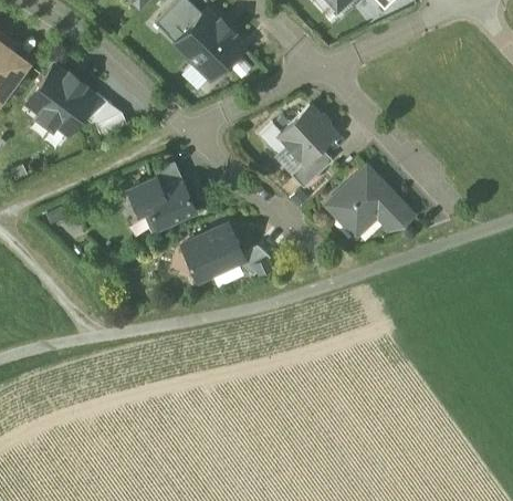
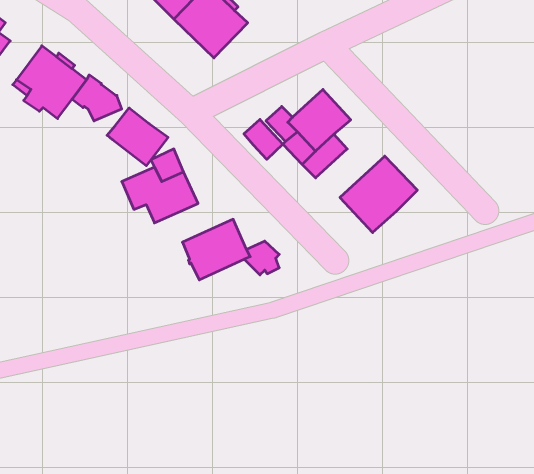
building: none -> [107,108,168,166]
building: none -> [244,119,283,159]
building: [379,199,415,231] -> none

